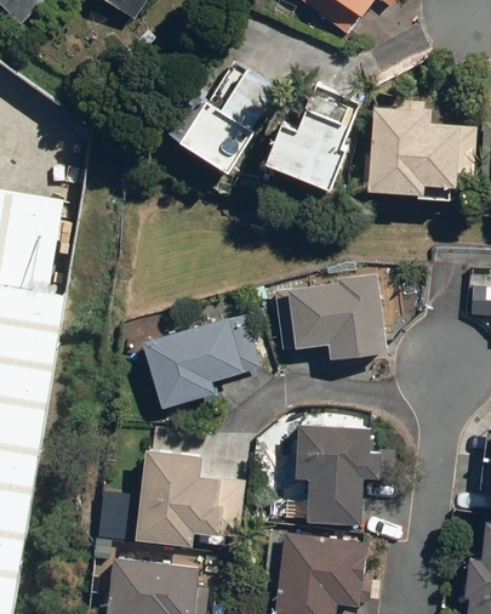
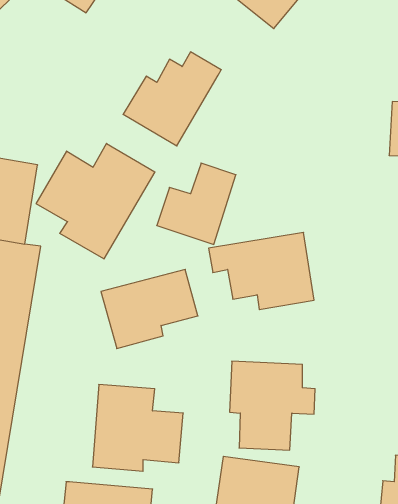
building: [269,92,360,186] -> [157,163,236,244]
building: [364,108,469,203] -> none
building: none -> [36,143,155,259]

